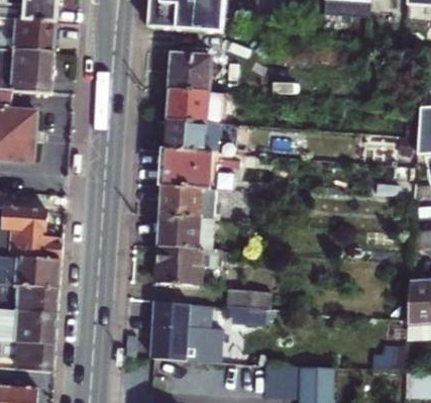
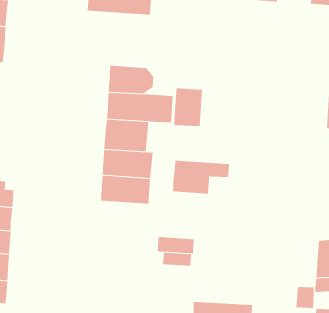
building: [172,55,216,92] -> none
building: none -> [174,88,202,127]
building: [157,245,224,285] -> [172,160,230,194]
building: [150,300,222,359] -> none

